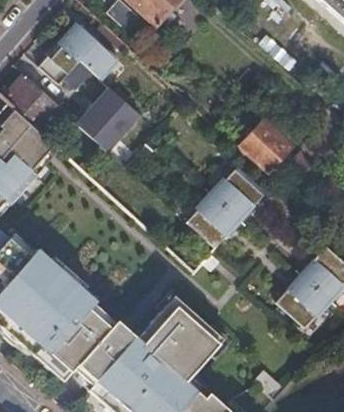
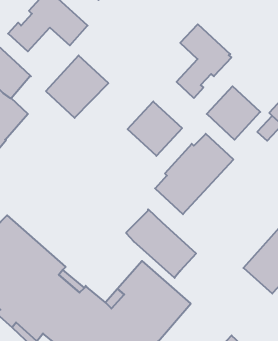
building: none -> [177,24,231,98]
building: none -> [128,101,182,156]
building: none -> [126,209,196,278]

